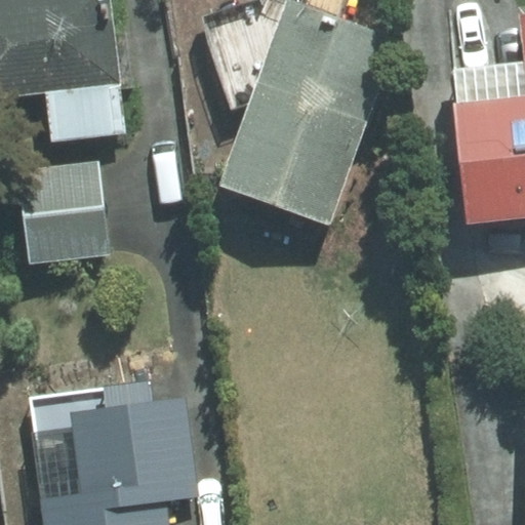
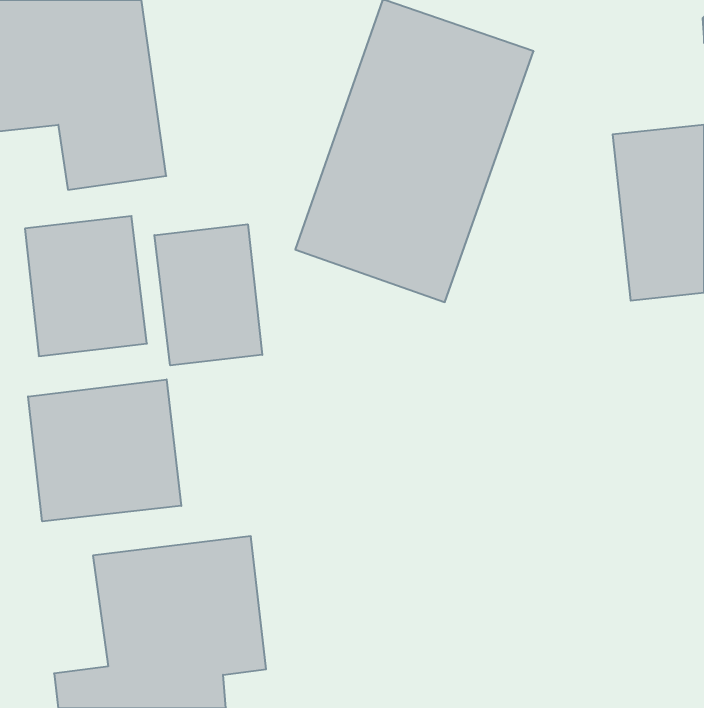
building: none -> [154,224,262,365]
building: none -> [28,379,181,521]

